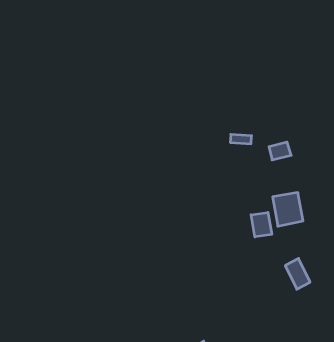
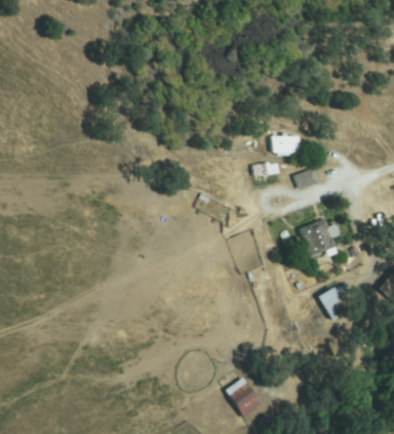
building: none -> [273,136,299,154]
building: [251,212,272,237] -> none

